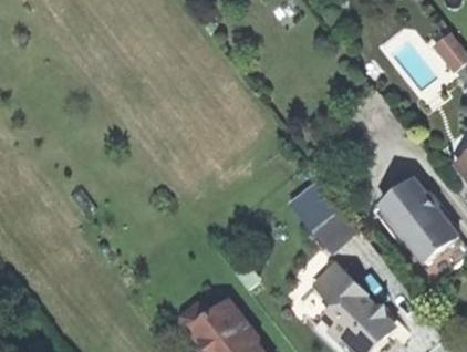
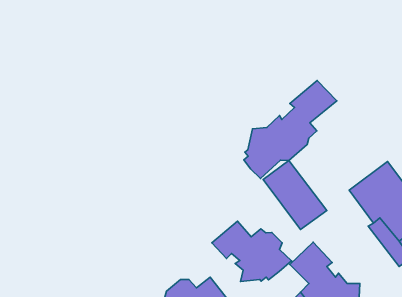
building: none -> [244,80,337,178]
building: none -> [212,221,291,281]

